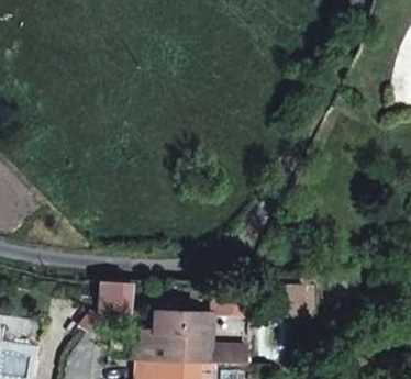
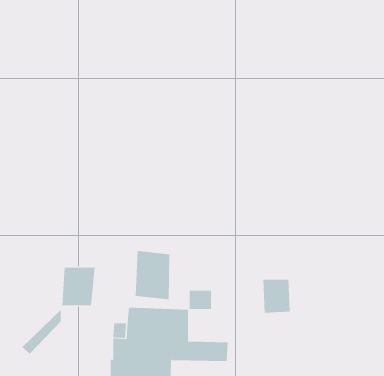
building: none -> [135,250,170,300]

